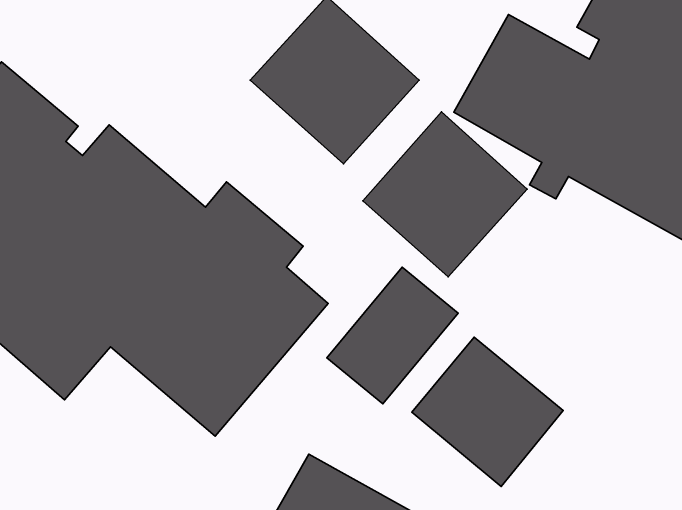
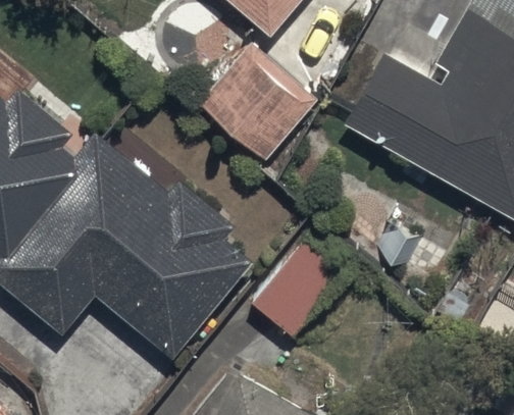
building: [363,112,527,277] -> none
building: [412,337,563,487] -> none

